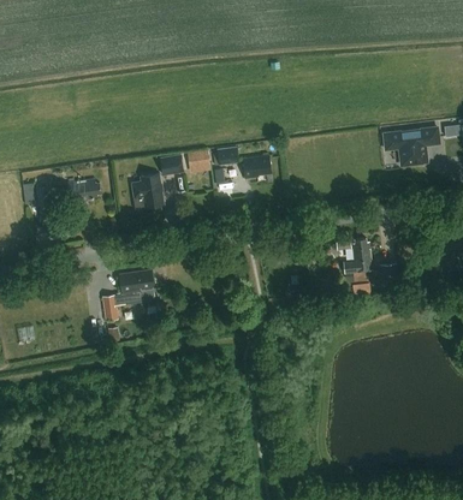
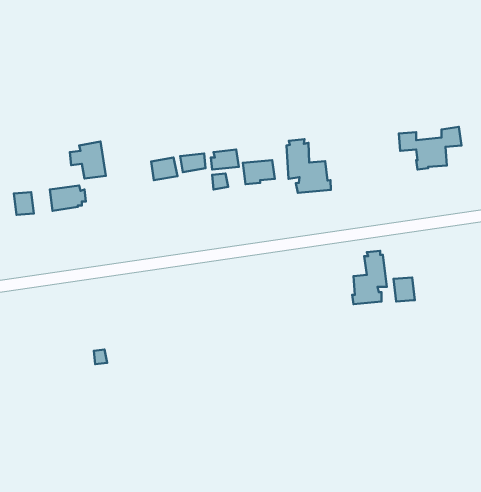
building: none -> [287,139,331,193]
building: [132,173,165,207] -> [70,141,106,179]
building: [102,269,154,320] -> none

